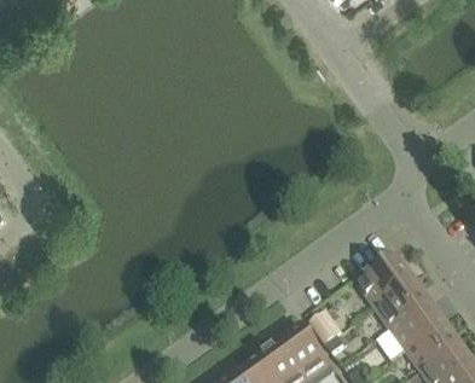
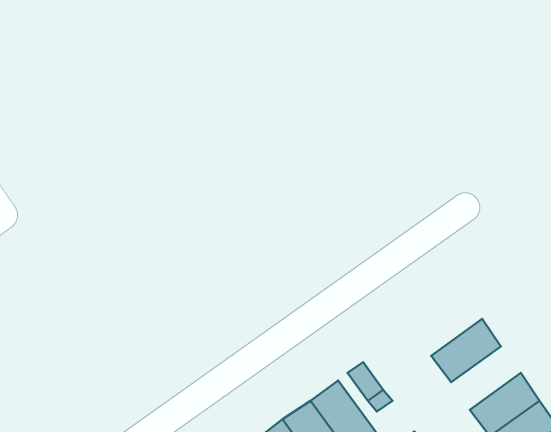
building: [358,257,413,308] -> none
building: [389,301,444,350] -> none

